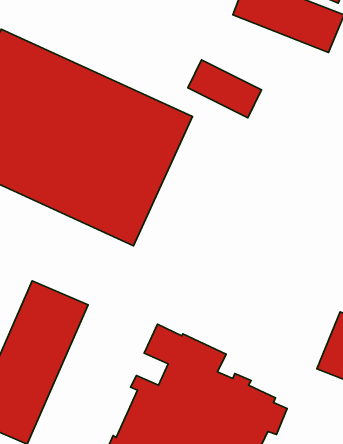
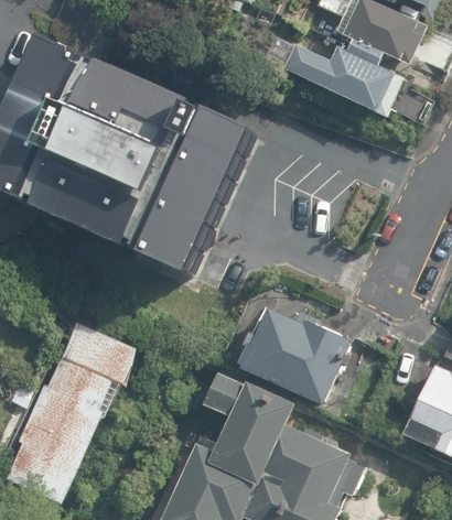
building: [188,60,261,118] -> [308,43,391,109]
building: none -> [235,302,349,407]

